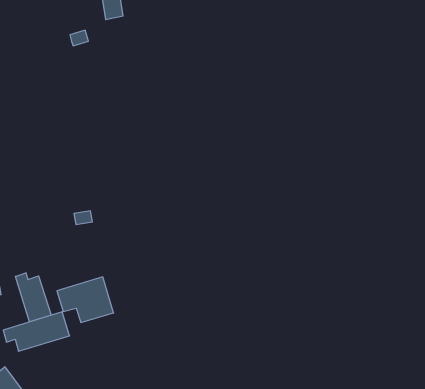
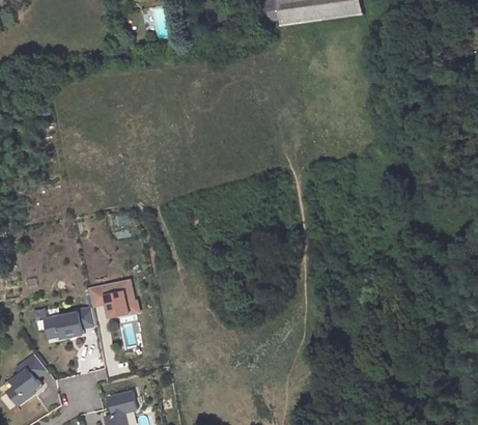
building: [15,273,51,322] -> none

